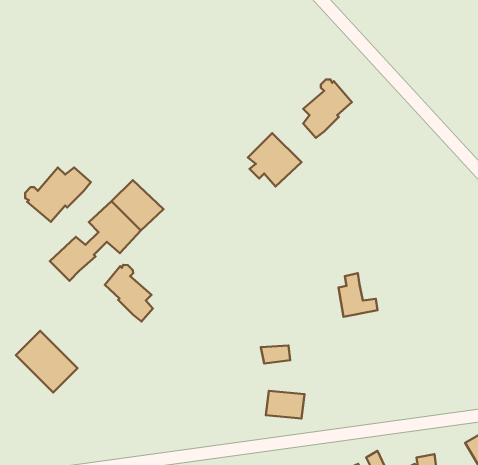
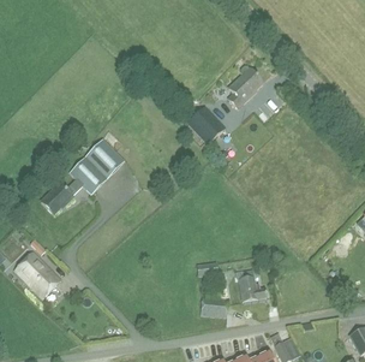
building: [25,167,91,222] -> none
building: [105,265,153,322] -> none
building: [338,273,377,317] -> [238,267,267,299]

